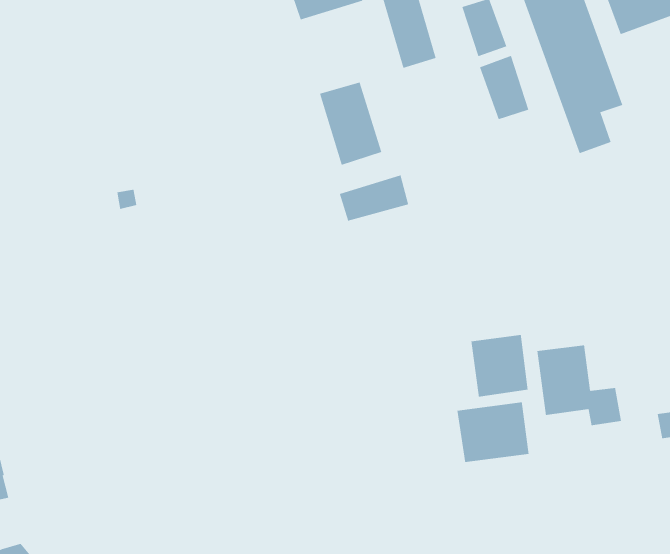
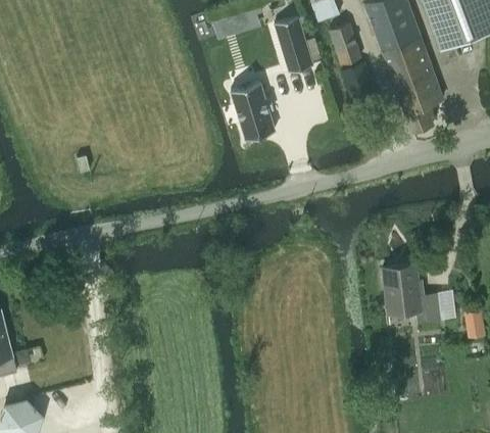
building: [339,174,409,222] -> none
building: [471,334,528,398] -> none
building: [457,401,529,463] -> none

